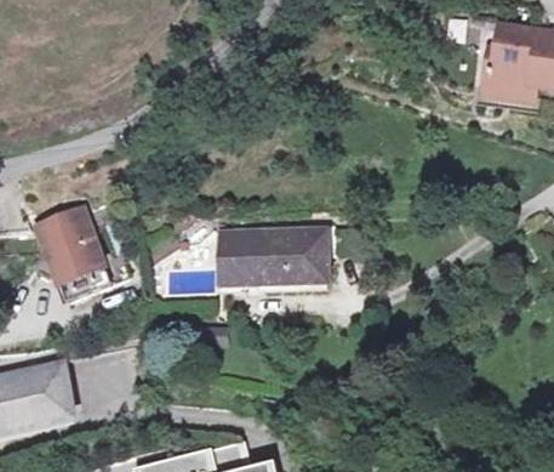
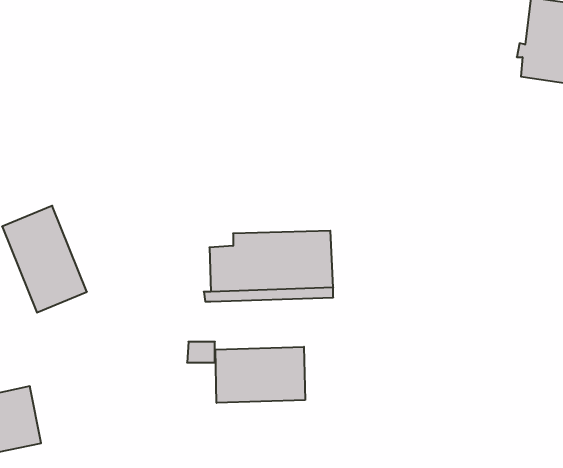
building: none -> [216,347,305,403]

